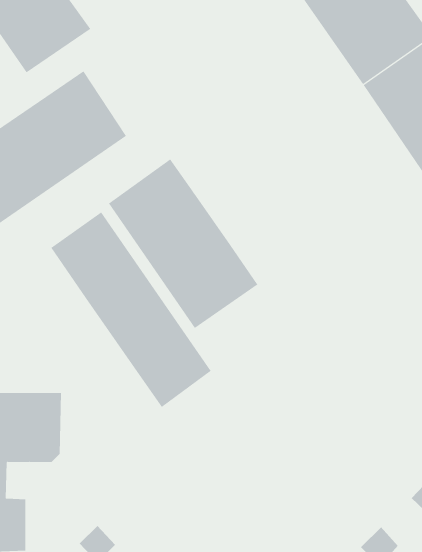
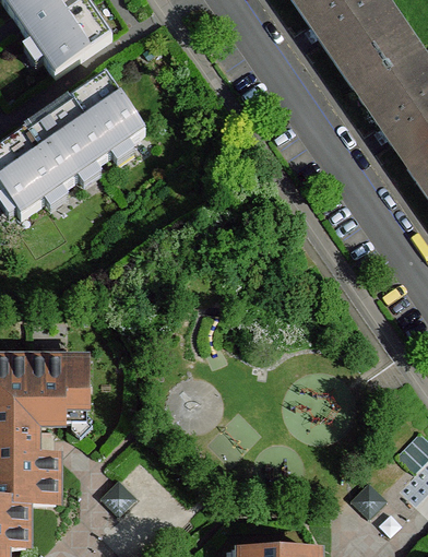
building: [108,159,258,329] -> none
building: [50,212,211,408] -> none

